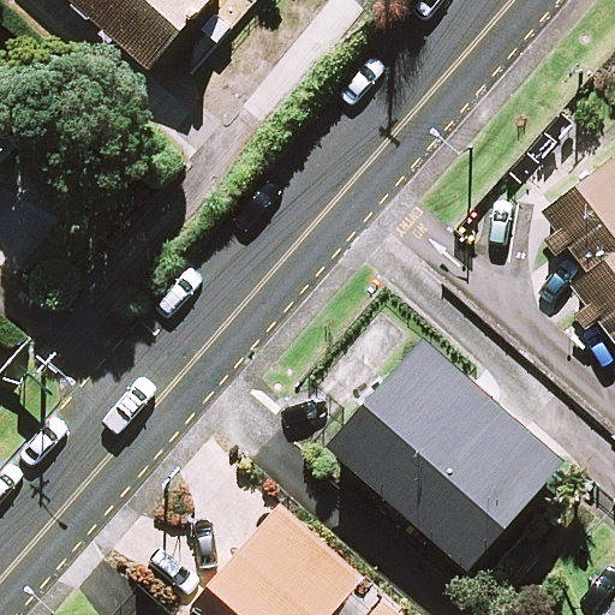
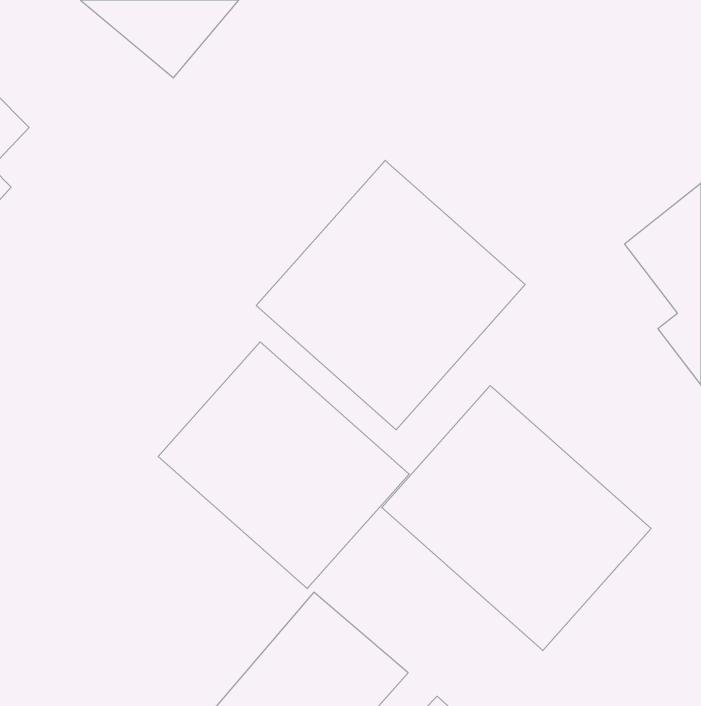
building: none -> [256,160,525,430]
building: none -> [158,342,409,589]

